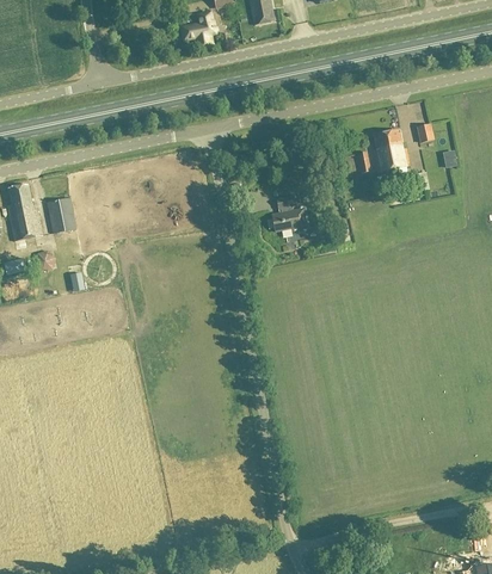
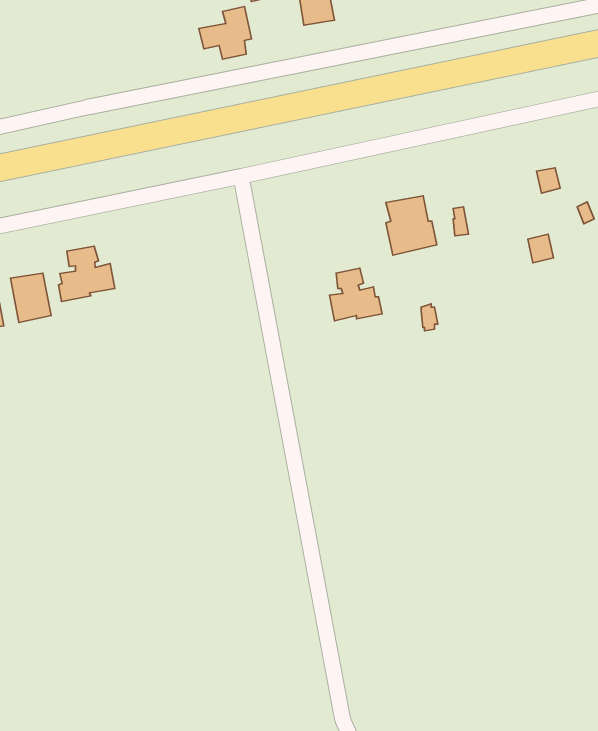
building: [374,129,410,171] -> [386,196,437,255]
building: none -> [58,246,115,301]

